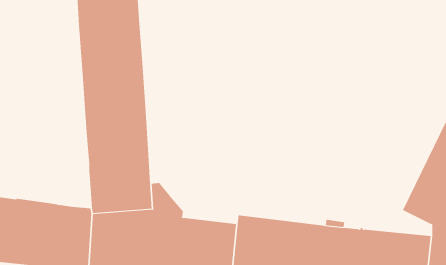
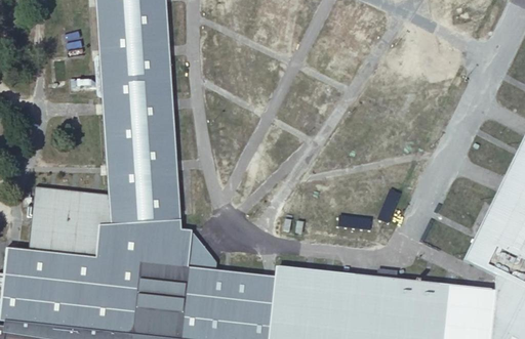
building: none -> [30,187,114,260]

